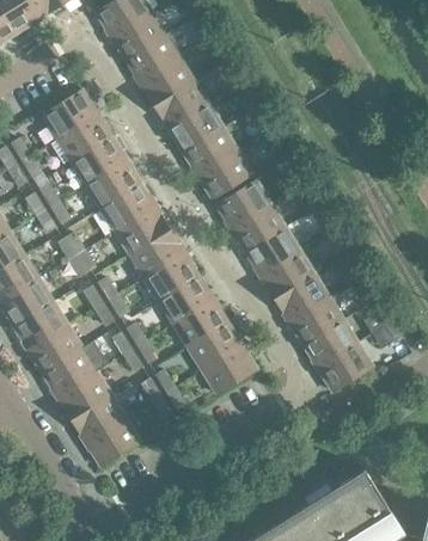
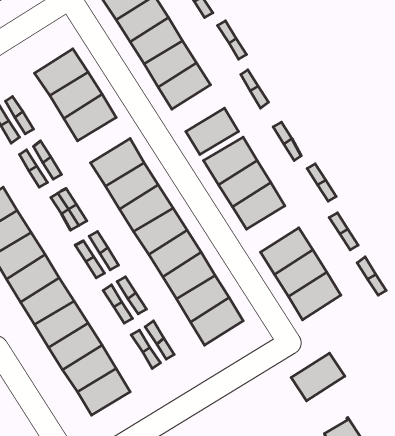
building: [183,127,237,174] -> none
building: [86,160,140,207] -> none
building: [259,251,313,299] -> none
building: [317,343,372,392] -> [291,353,345,401]

